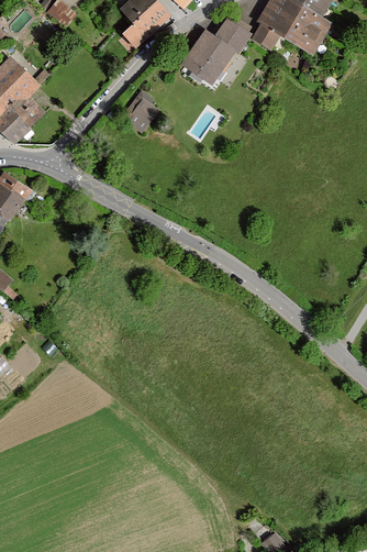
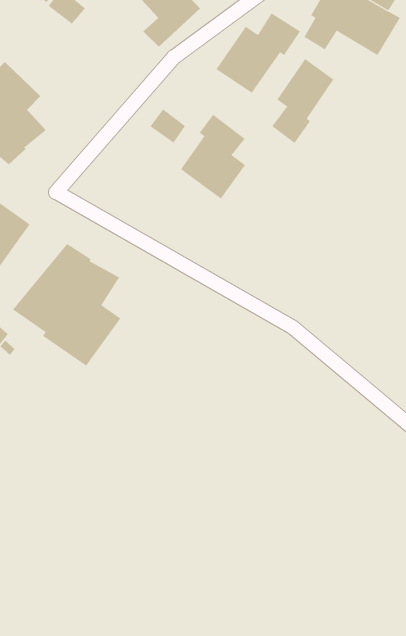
building: none -> [272,58,334,144]
building: none -> [180,114,246,199]
building: none -> [12,243,121,367]

